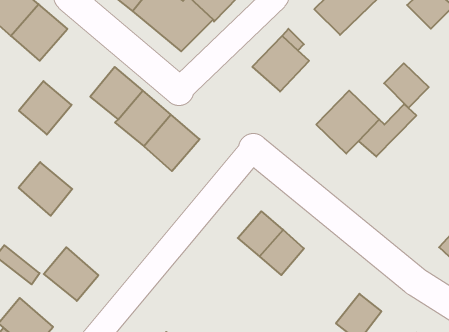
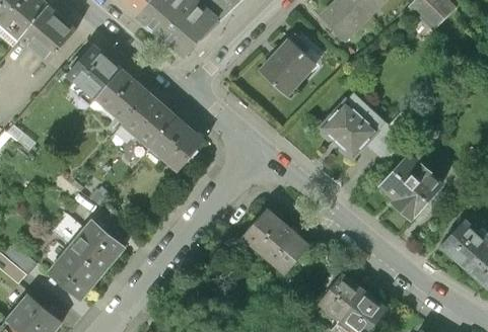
building: [384,63,429,108] -> none
building: [19,81,72,135] -> [70,46,122,98]
building: none -> [377,151,440,217]
building: [19,162,72,216] -> [74,221,127,273]
building: none -> [318,275,362,321]

